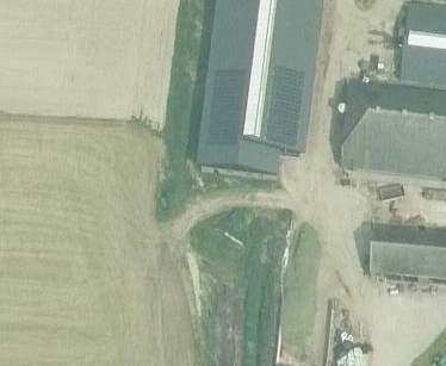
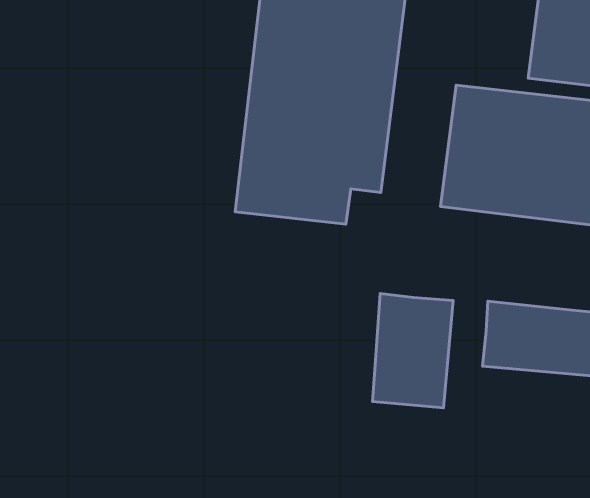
building: none -> [373,294,453,408]

